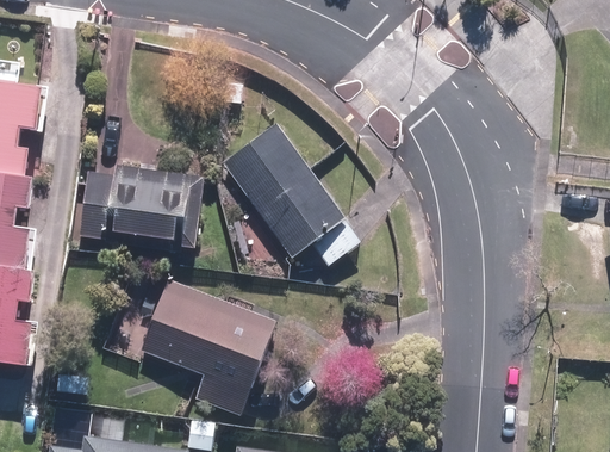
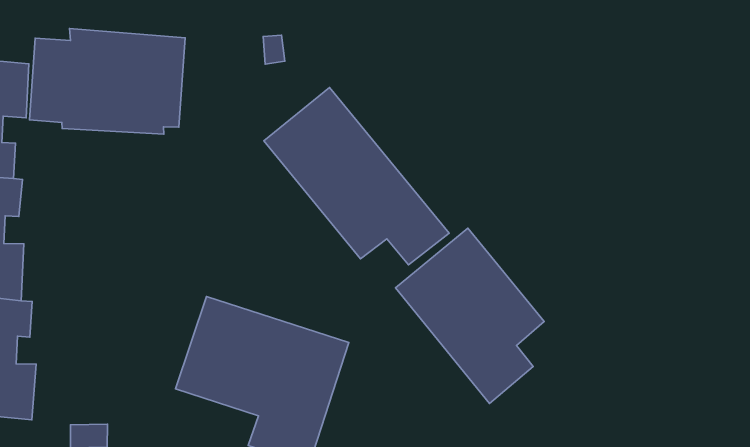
building: [77,165,203,252] -> [30,28,185,134]
building: none -> [396,228,544,404]

